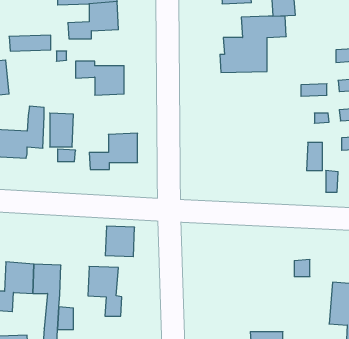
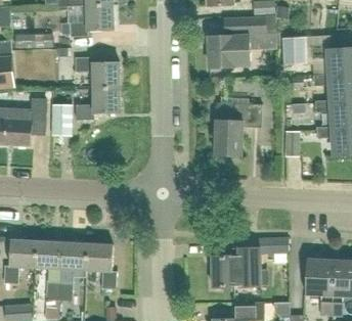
building: none -> [281,37,306,64]
building: none -> [214,102,262,155]
building: [89,133,138,169] -> [75,87,119,120]
building: [105,226,135,257] -> [60,242,87,270]
building: none -> [211,247,259,286]

